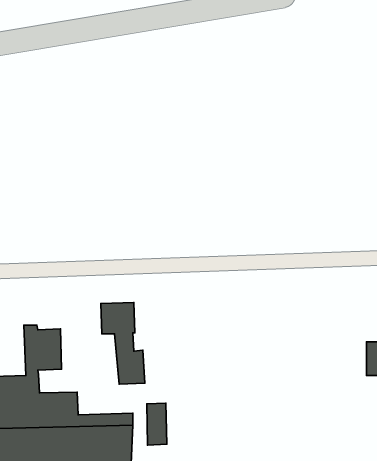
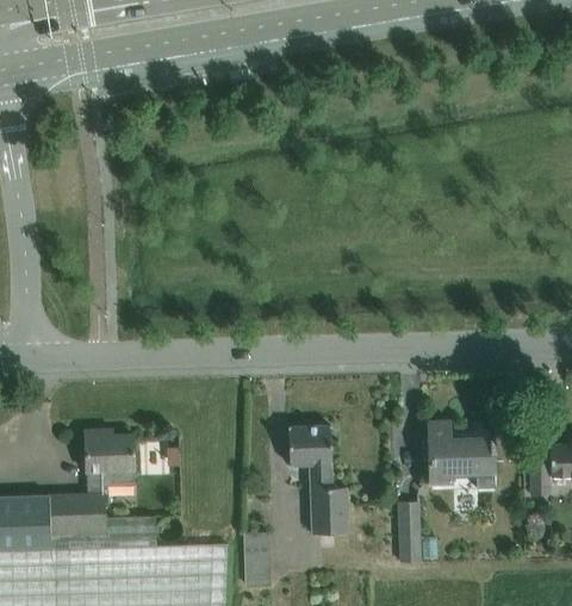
building: [101,303,145,384] -> [287,425,344,531]
building: none -> [427,420,496,492]
building: none -> [397,501,421,561]

